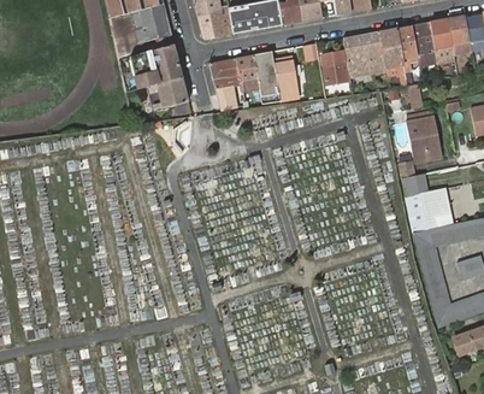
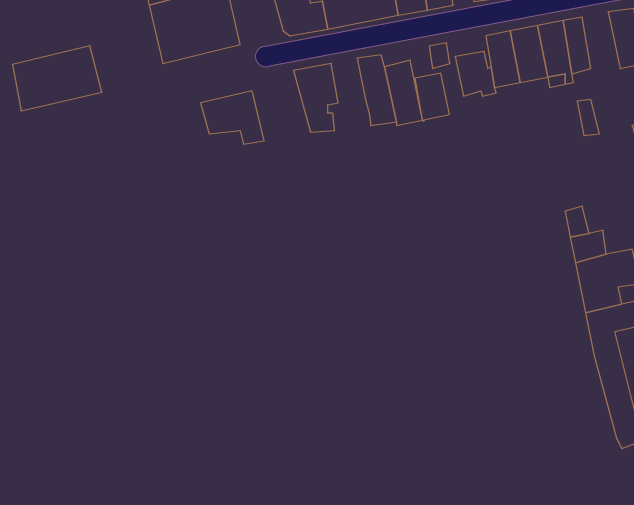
building: [412,22,438,65] -> none
building: [118,45,181,90] -> [12,46,102,111]
building: [236,54,260,88] -> [415,73,449,121]
building: [407,110,441,161] -> none

